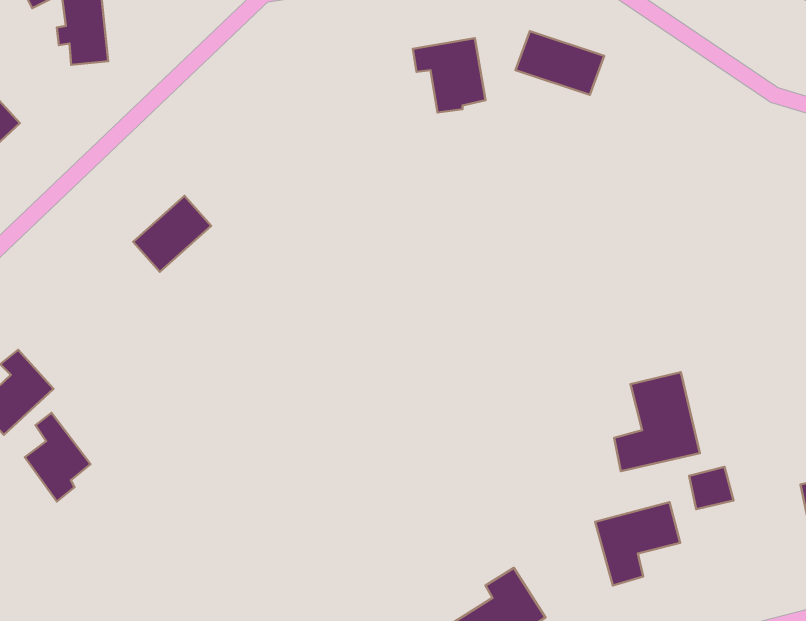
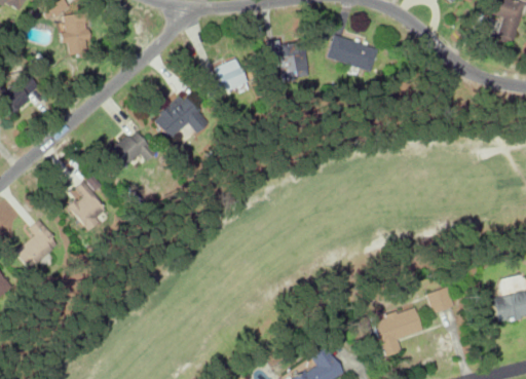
building: none -> [215,59,247,92]
building: none -> [153,93,210,141]
building: [614,372,700,471] -> none
building: [25,413,90,501] -> [70,180,108,231]

